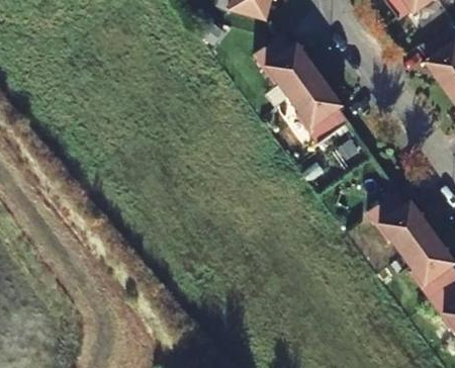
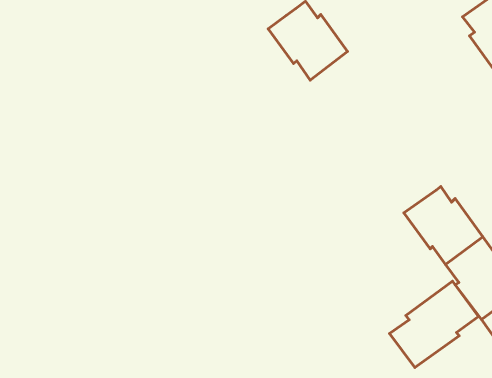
building: [288,75,349,145] -> none
building: none -> [389,281,479,368]

